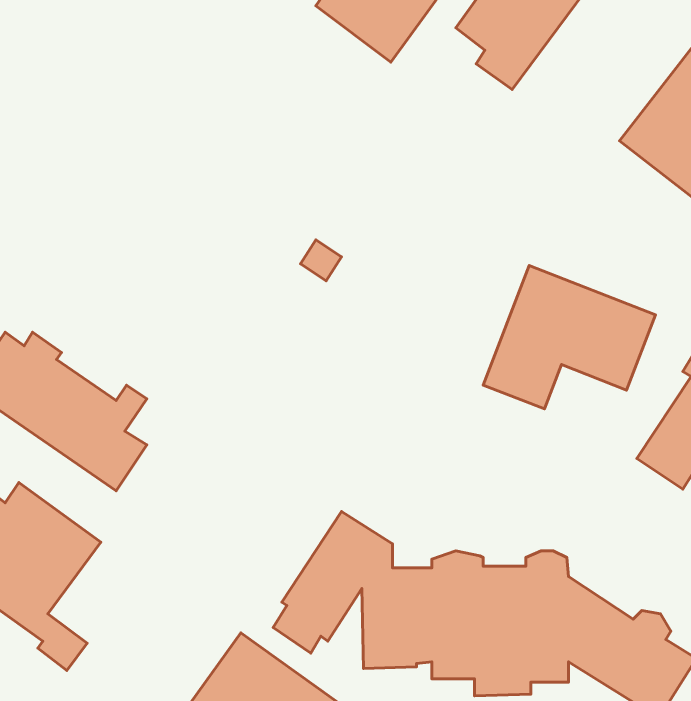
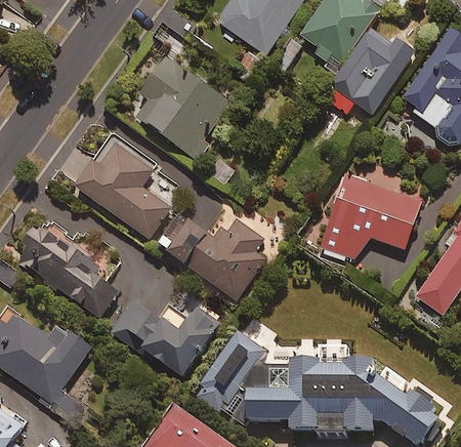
building: none -> [333,36,415,120]
building: none -> [138,65,229,164]
building: none -> [73,138,170,237]
building: none -> [165,216,263,299]
building: none -> [108,296,219,375]

